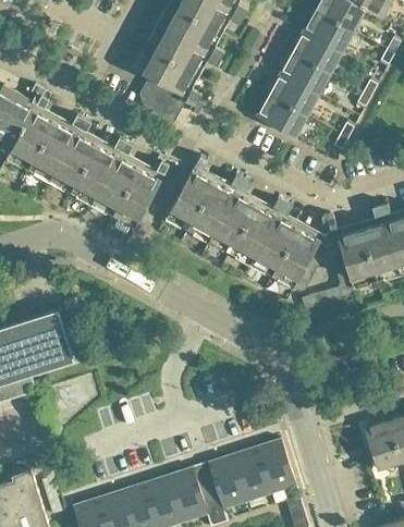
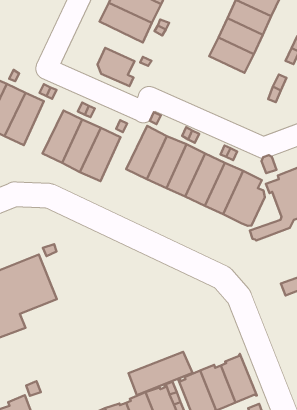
building: [135,45,194,93] -> none
building: [257,93,308,136] -> none
building: [50,132,98,192] -> none
building: none -> [129,352,193,395]

